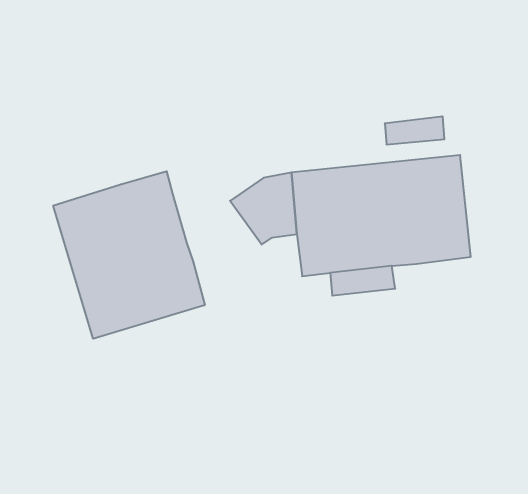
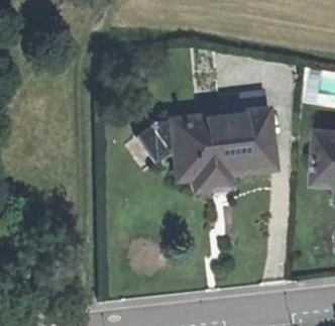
building: [53,171,205,339] -> none

